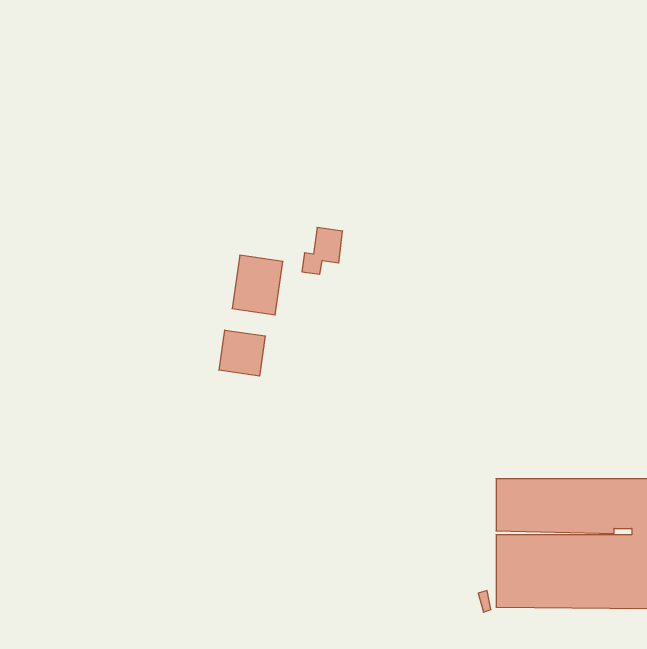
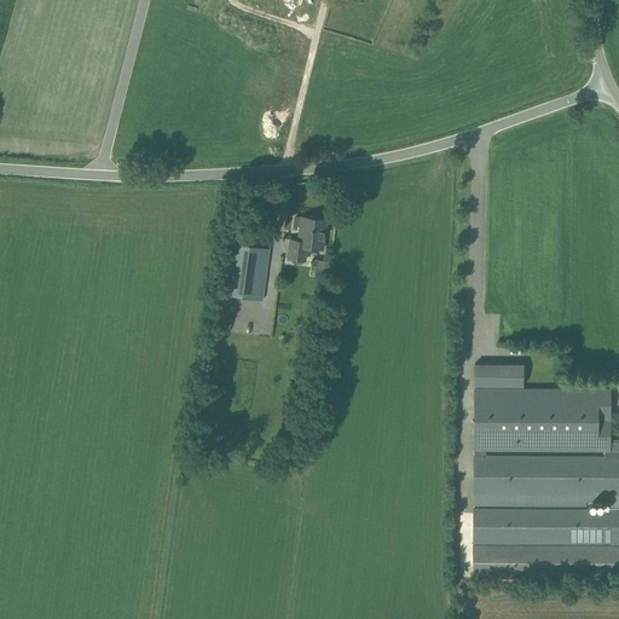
building: [219,330,265,376] -> none
building: none -> [474,364,611,451]

